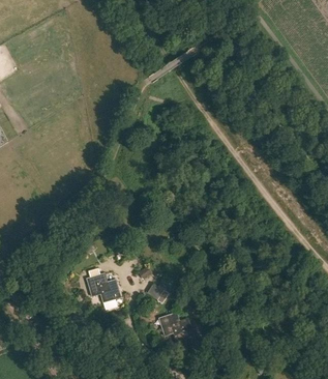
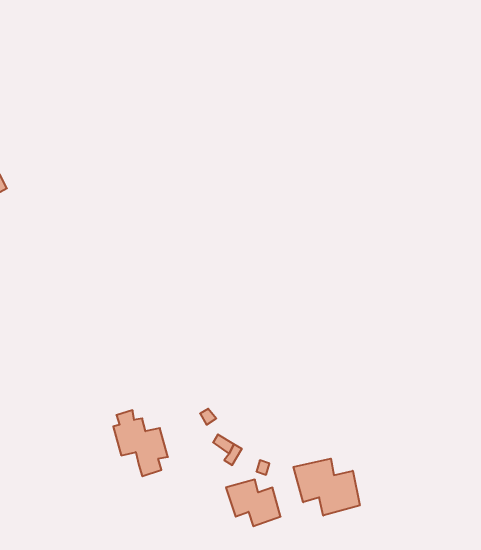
building: none -> [293,459,360,516]

